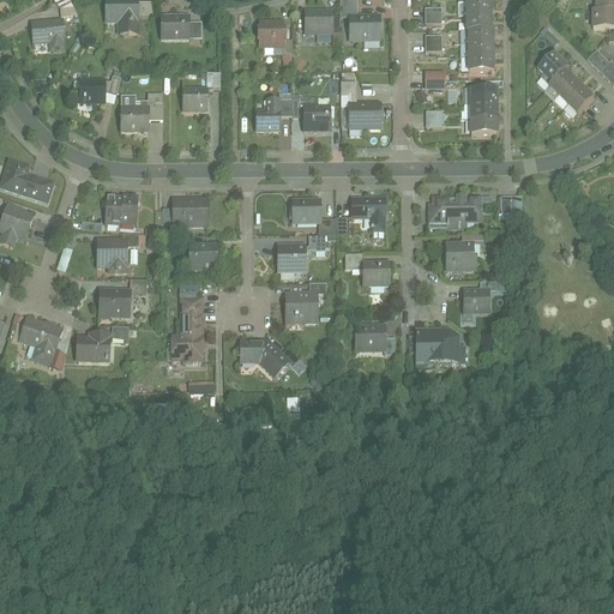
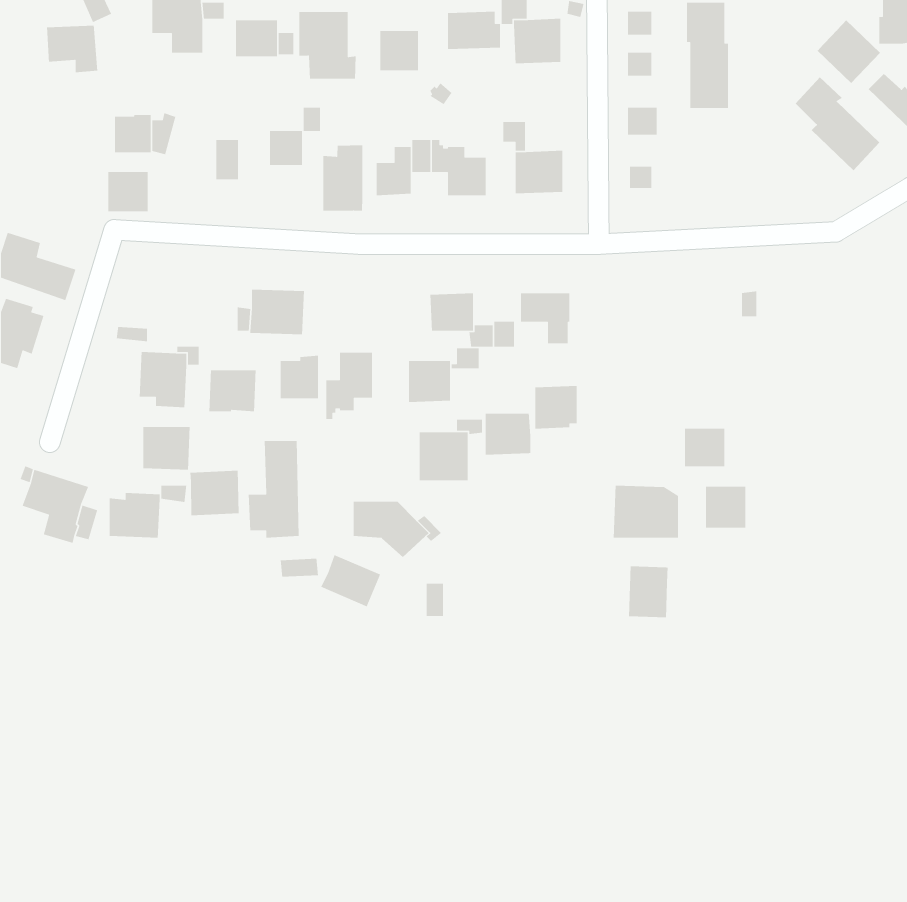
building: none -> [299,11,357,80]
building: none -> [817,20,881,84]
building: [462,90,498,134] -> none
building: none -> [323,145,363,212]
building: [120,104,148,132] -> [107,171,148,212]
building: [104,194,137,223] -> [209,369,257,412]
building: [428,194,480,228] -> none
building: none -> [326,352,373,420]
building: [445,241,476,272] -> none
building: none -> [190,470,239,516]
building: [355,321,386,350] -> [485,413,531,456]
building: none -> [705,486,746,528]
building: none -> [320,554,381,607]
building: none -> [628,565,668,618]

